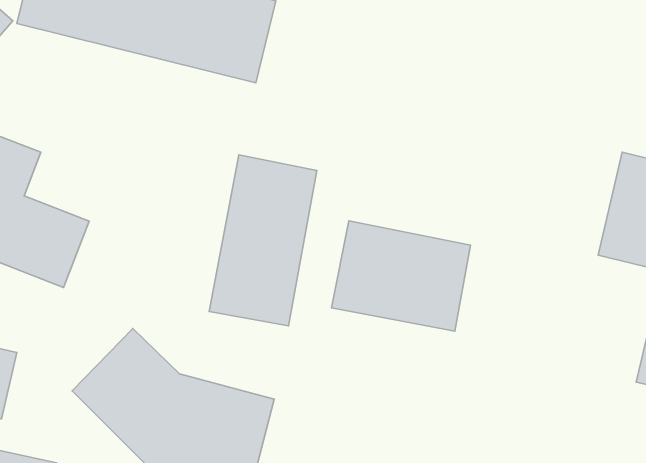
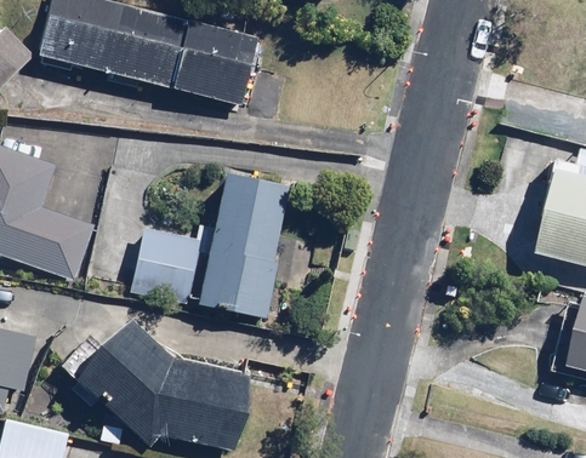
building: [332,221,470,331] -> none
building: none -> [127,227,200,307]

